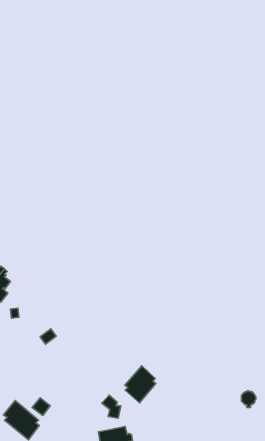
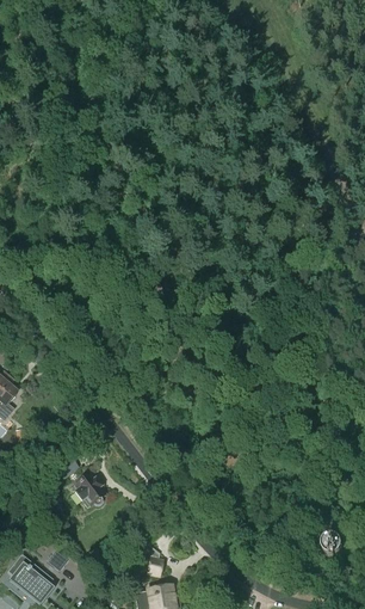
building: none -> [72,474,104,505]
building: [125,366,156,403] -> none

